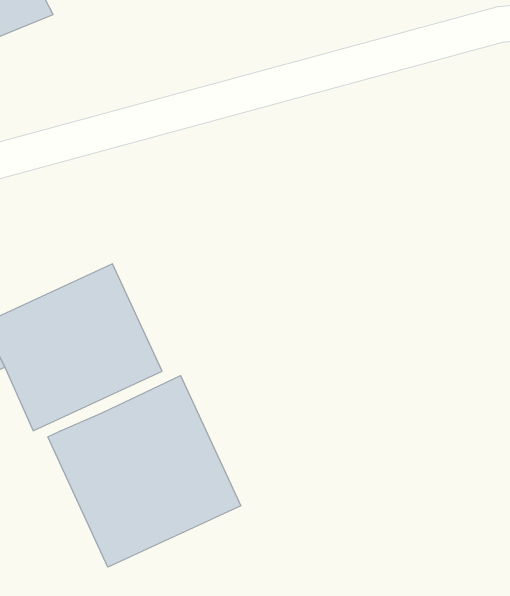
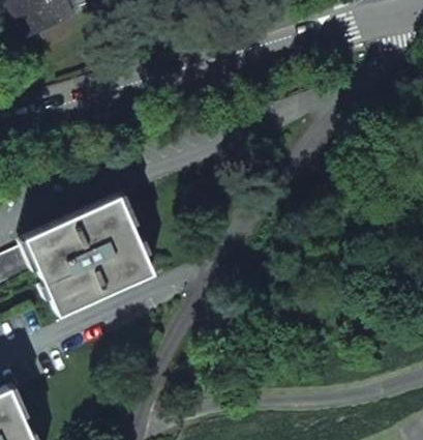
building: [48,376,241,567] -> none

